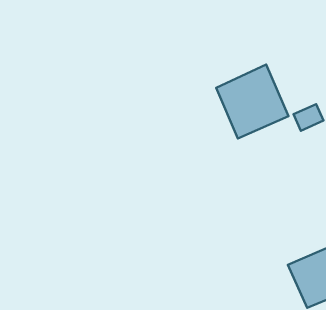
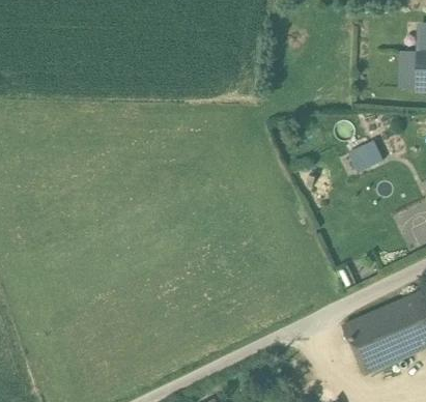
building: [216,65,289,138] -> none

